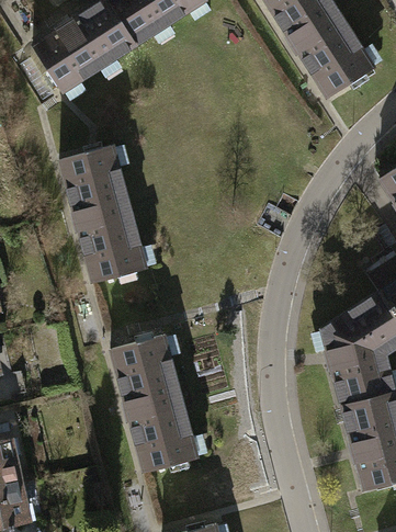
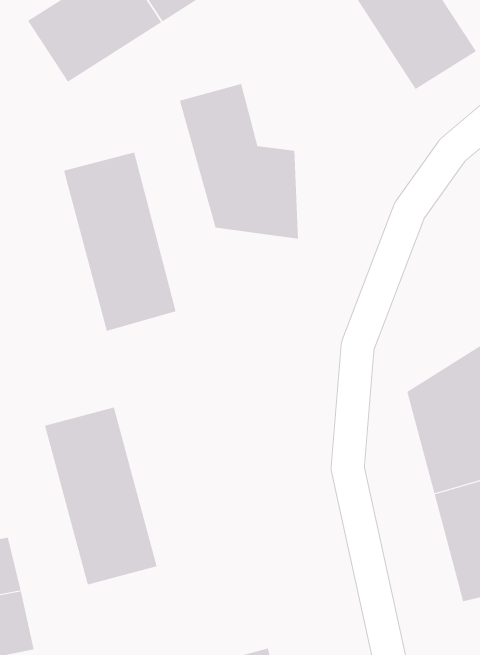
building: none -> [179,83,299,239]
building: [110,335,196,471] -> [44,407,158,585]

